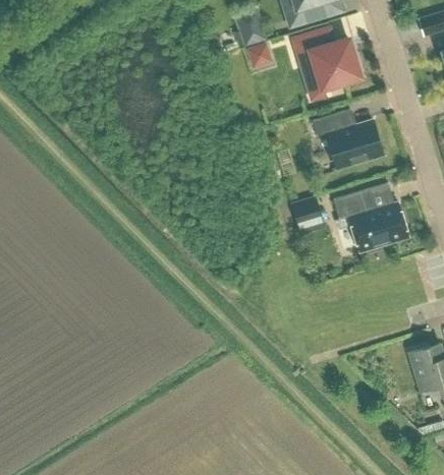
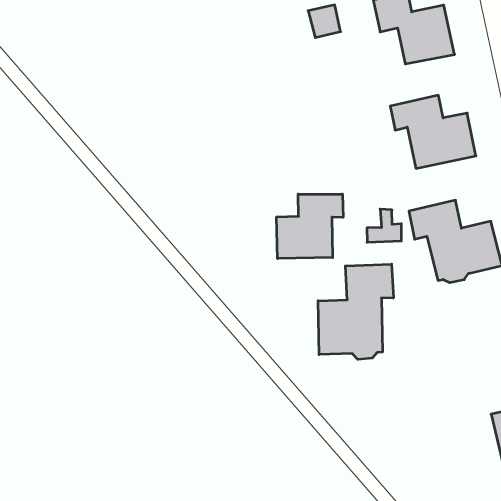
building: none -> [277,194,343,259]
building: none -> [318,264,393,359]

